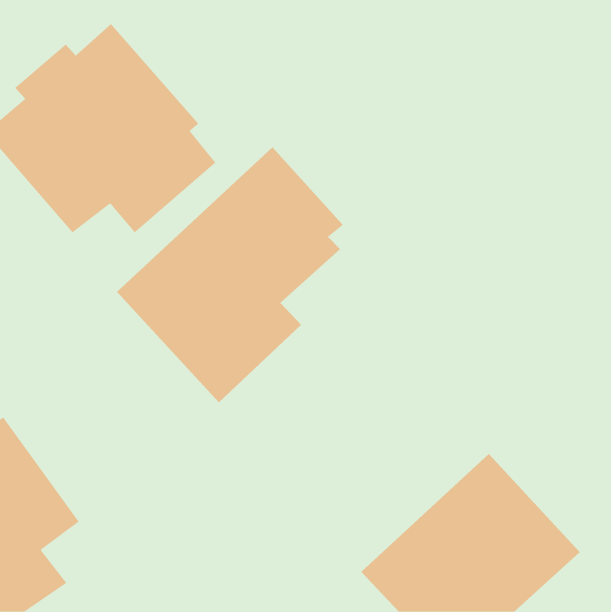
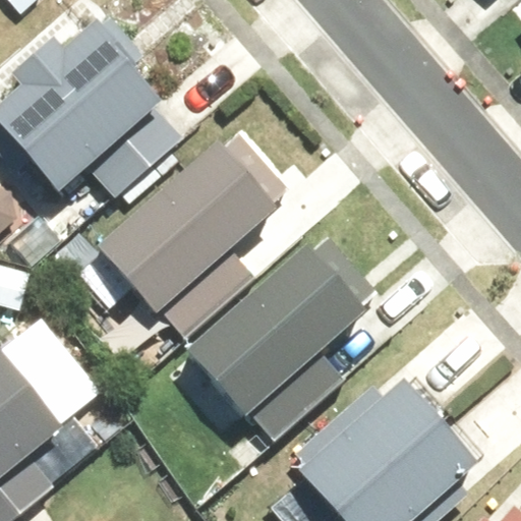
building: none -> [186,233,379,443]

